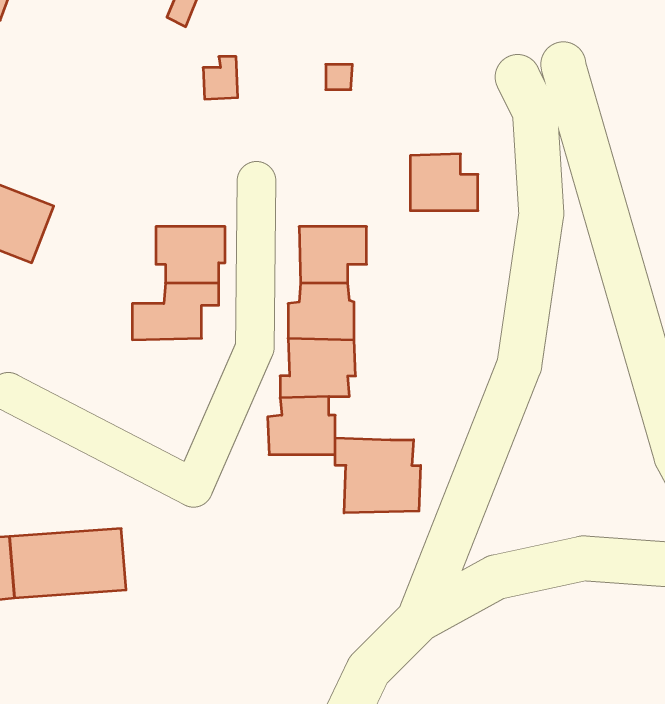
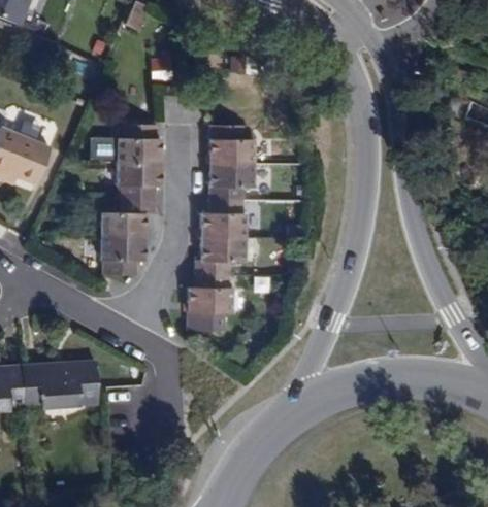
building: [410,154,478,211] -> [209,126,254,163]
building: none -> [95,128,161,163]
building: none -> [99,236,145,275]
building: [335,438,421,513] -> none

